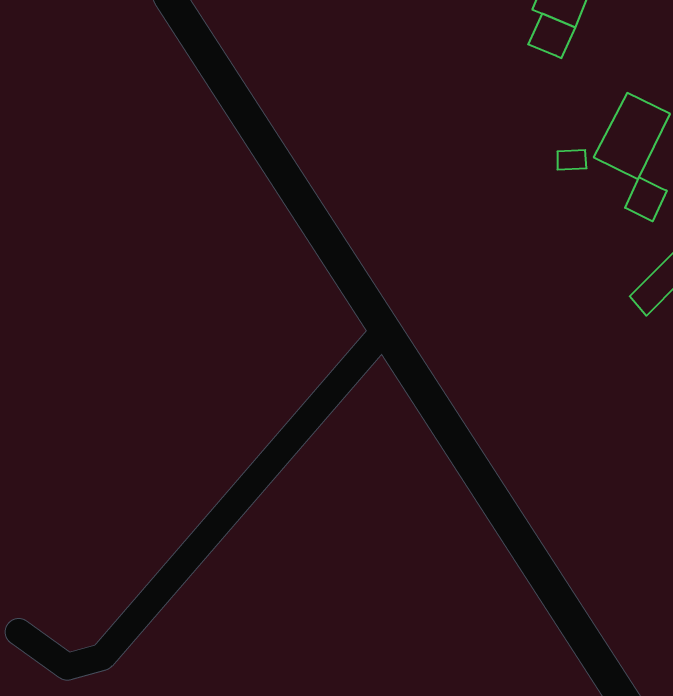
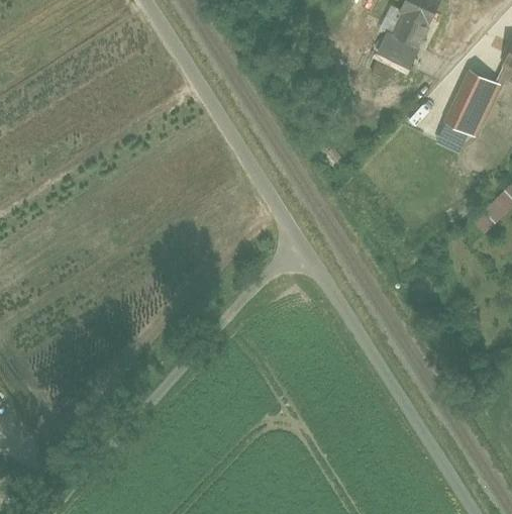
building: none -> [375,32,416,67]
building: [625,177,667,221] -> none

